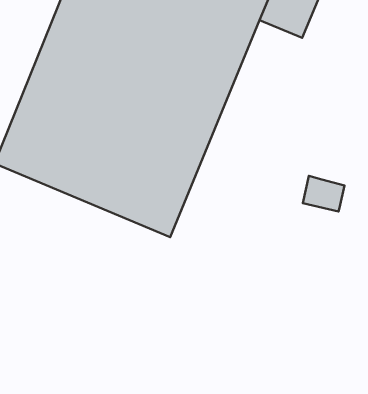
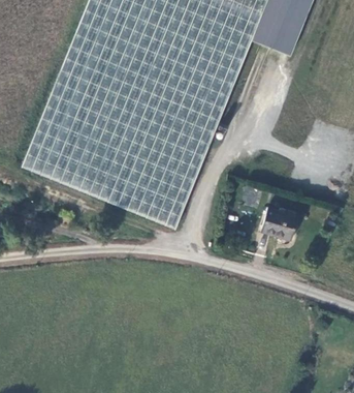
building: [303,176,344,212] -> [258,204,294,235]

